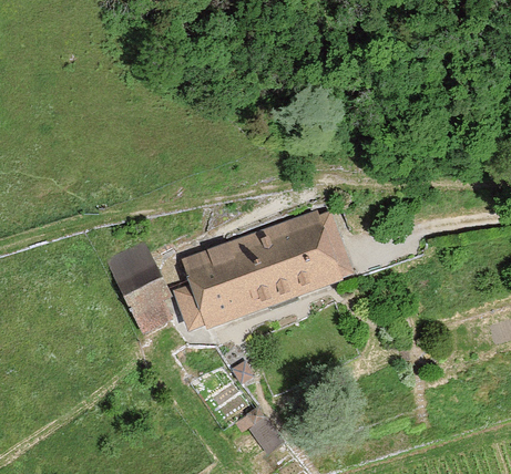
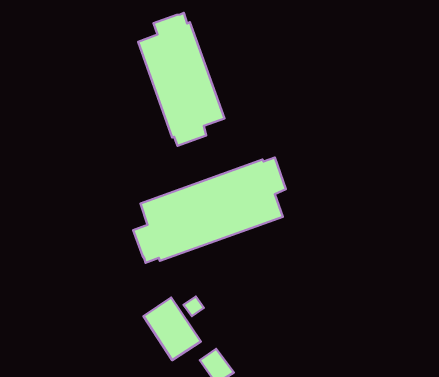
building: none -> [138,13,225,146]
building: [109,249,170,331] -> none

